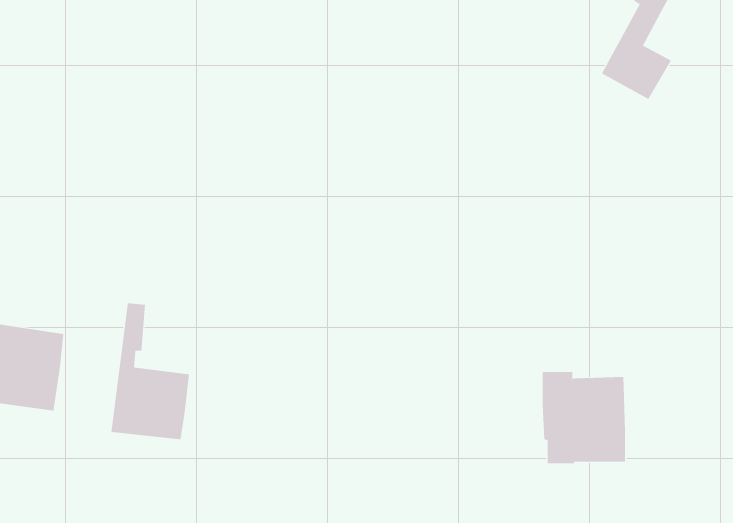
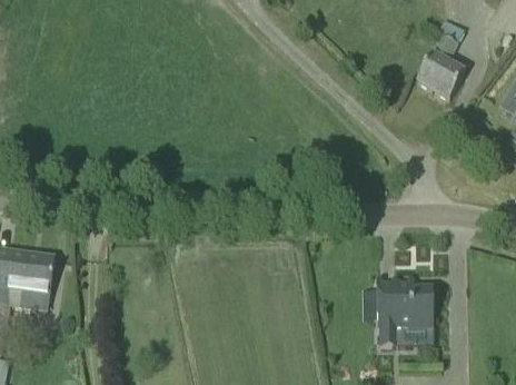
building: [111,302,190,440] -> none

